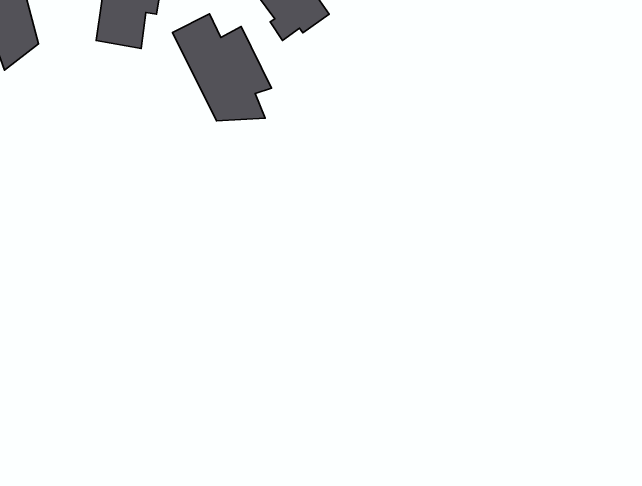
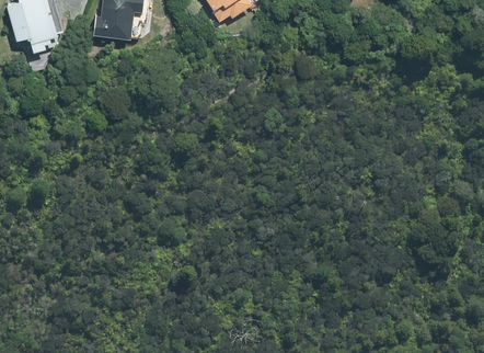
building: [172,14,272,121] -> none

